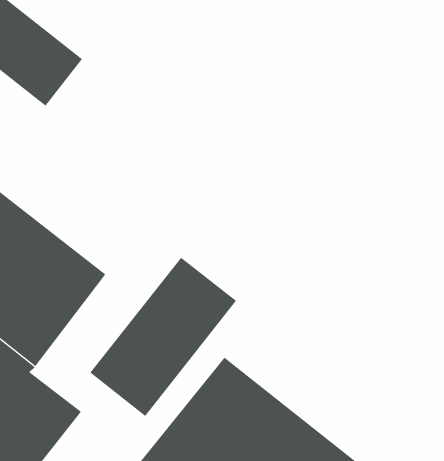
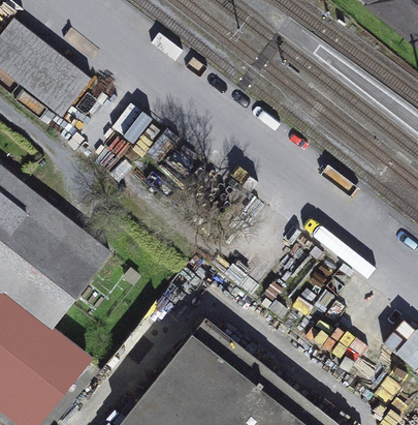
building: [90,257,237,417] -> none

